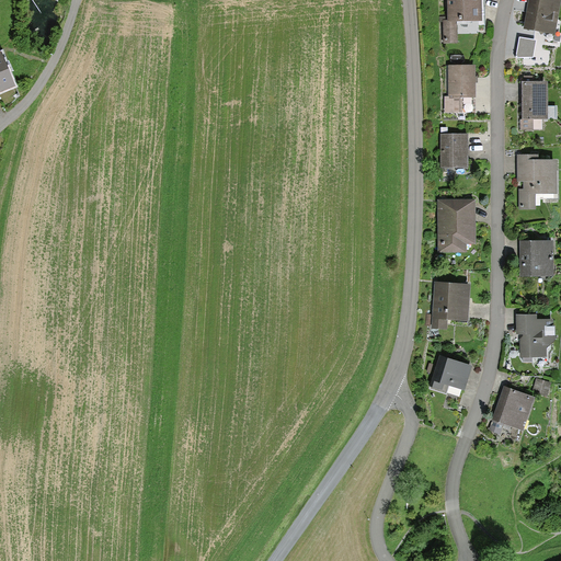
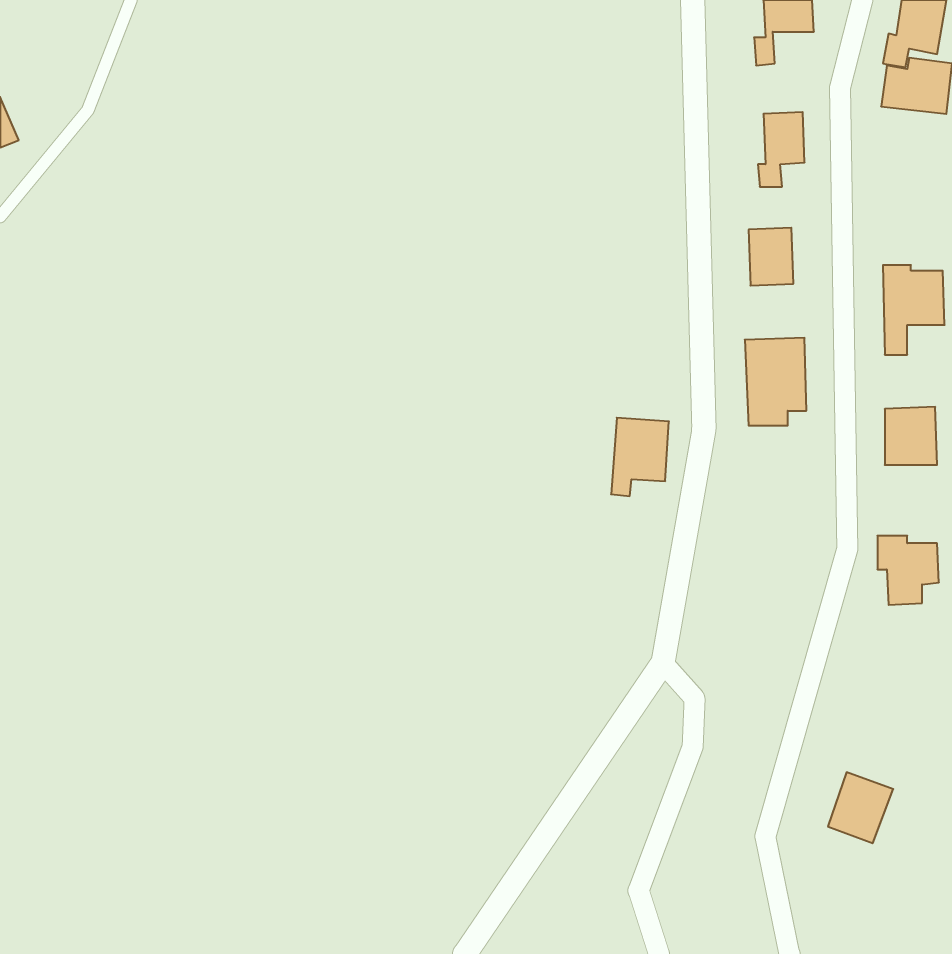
building: [520,81,548,129] -> none
building: [434,282,468,328] -> [611,418,669,496]
building: [430,356,470,392] -> none
building: [493,389,531,431] -> [828,772,893,843]

